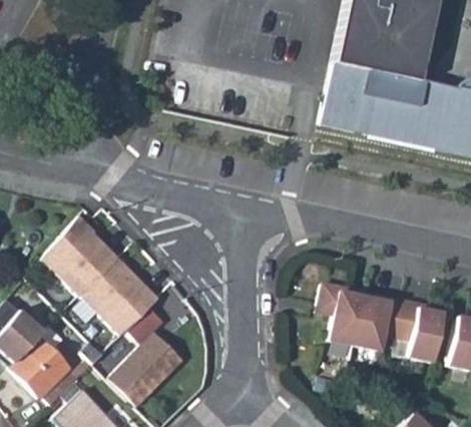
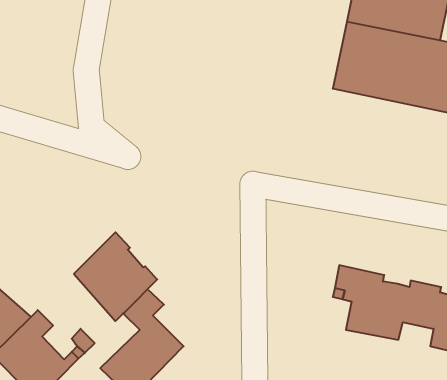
building: [42,215,122,294] -> none

